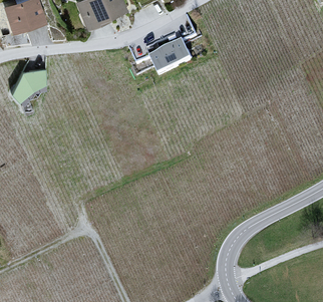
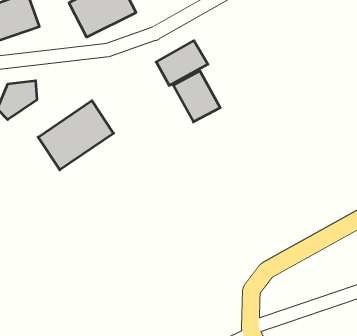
building: none -> [173,71,220,122]
building: none -> [38,101,114,170]

